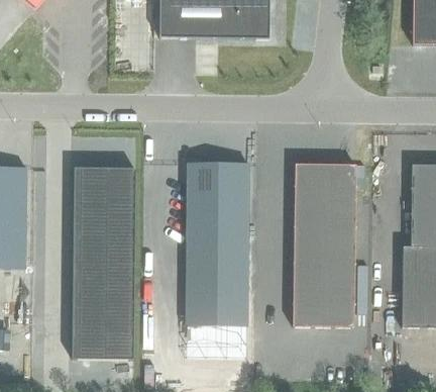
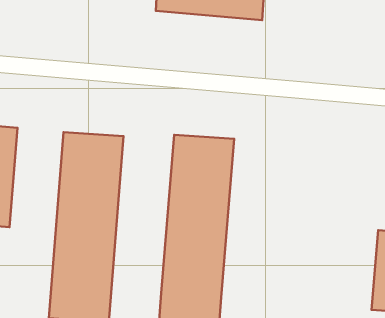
building: [293,164,364,326] -> none

